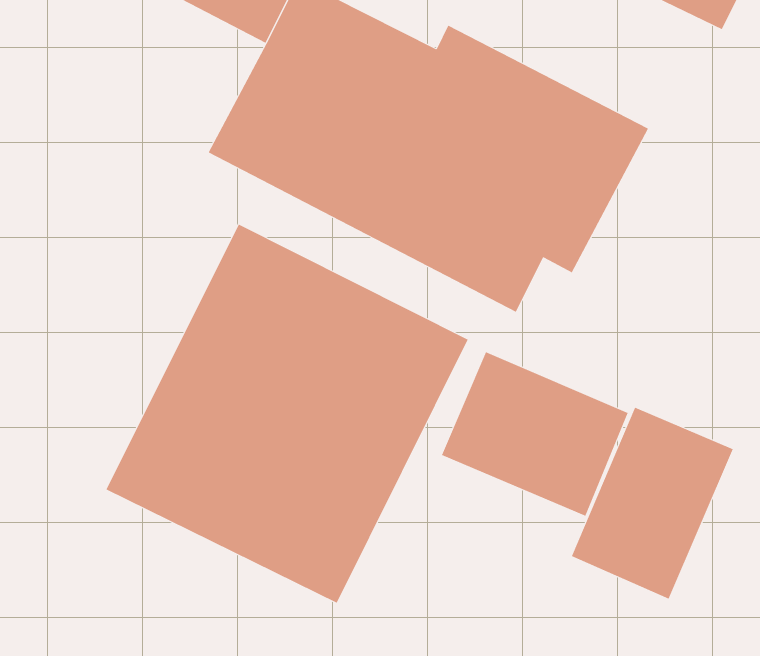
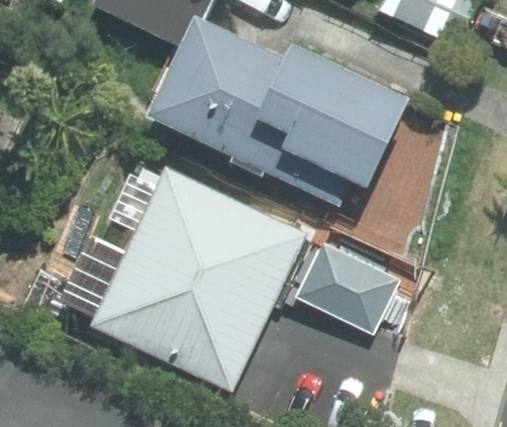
building: [571,407,734,600] -> none

